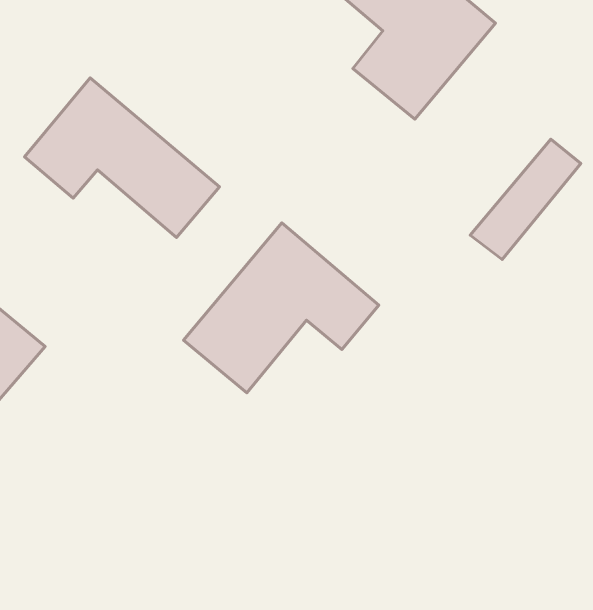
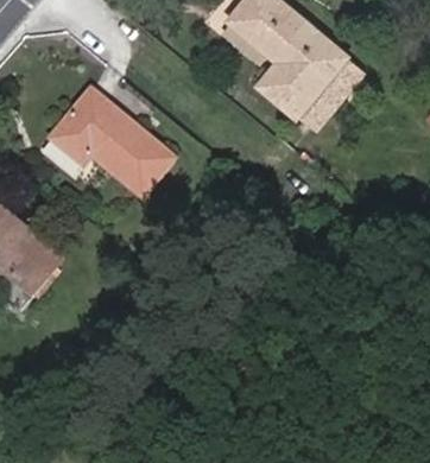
building: [470,139,581,259] -> [295,55,365,131]
building: [184,223,379,393] -> none

